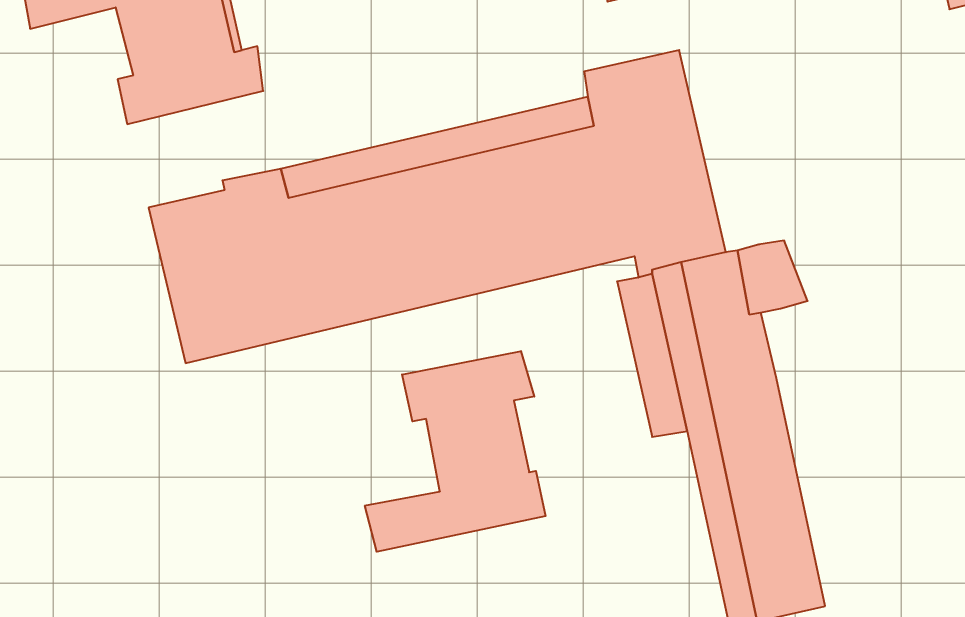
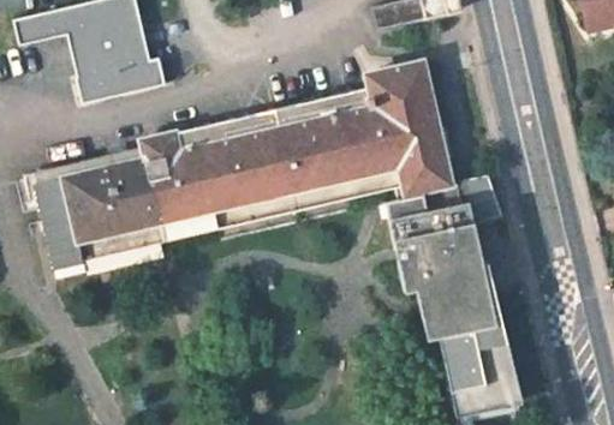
building: none -> [34,157,119,280]
building: [365,351,546,552] -> none

